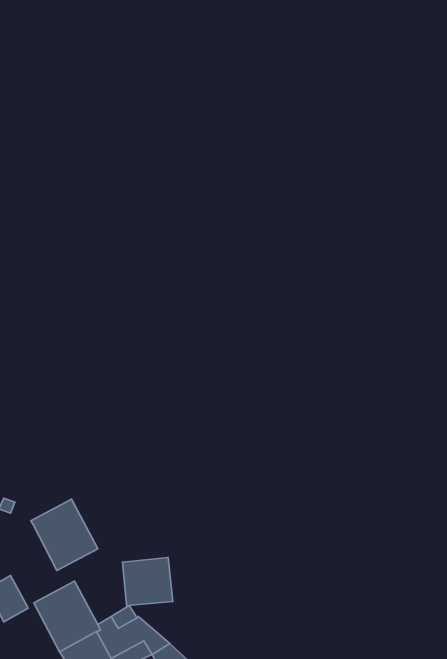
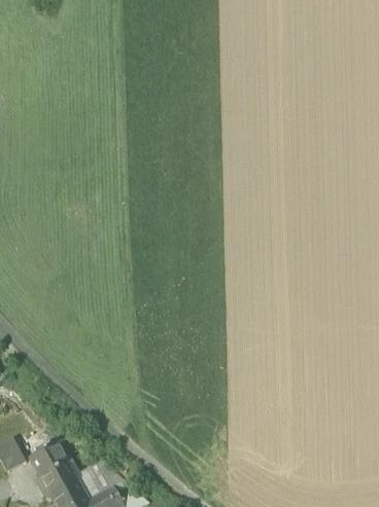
building: [31,499,98,571] -> none
building: [122,558,173,606] -> none

